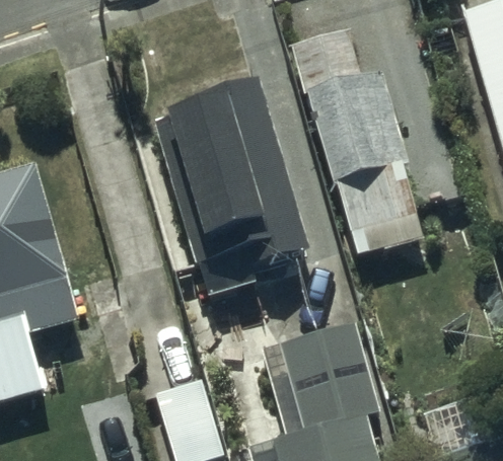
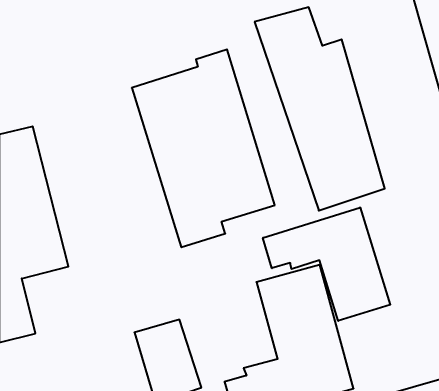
building: none -> [263,207,390,321]

